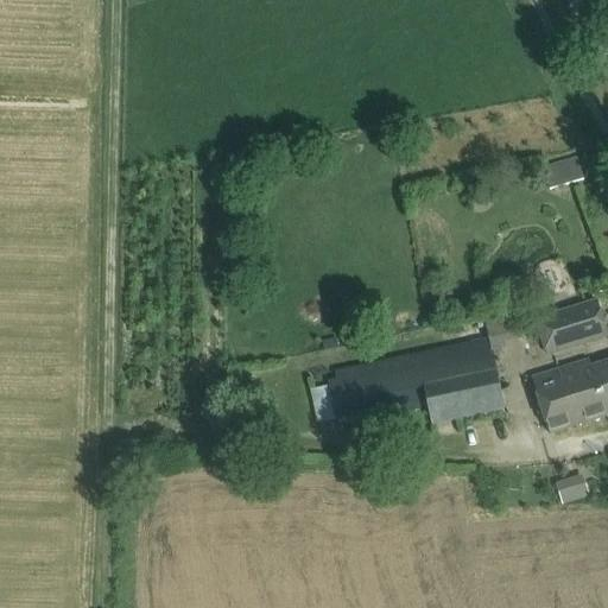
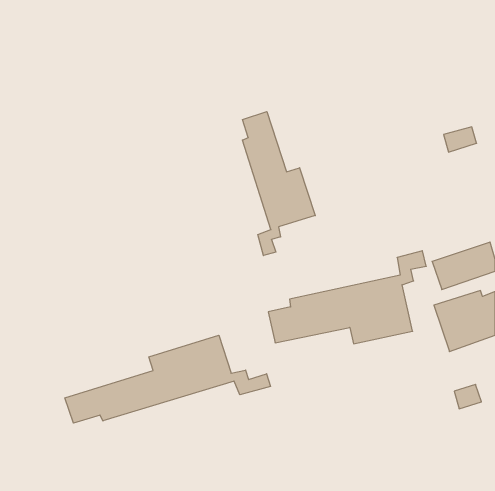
building: none -> [242,112,315,256]
building: none -> [65,335,270,423]

